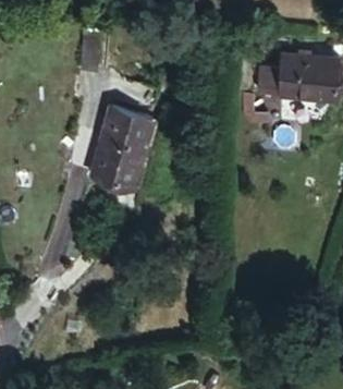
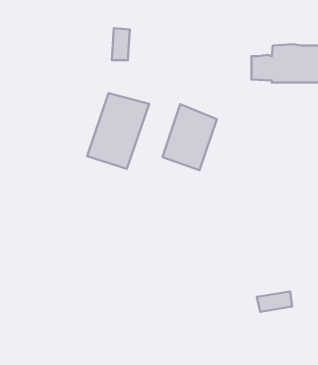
building: none -> [163,104,217,170]

